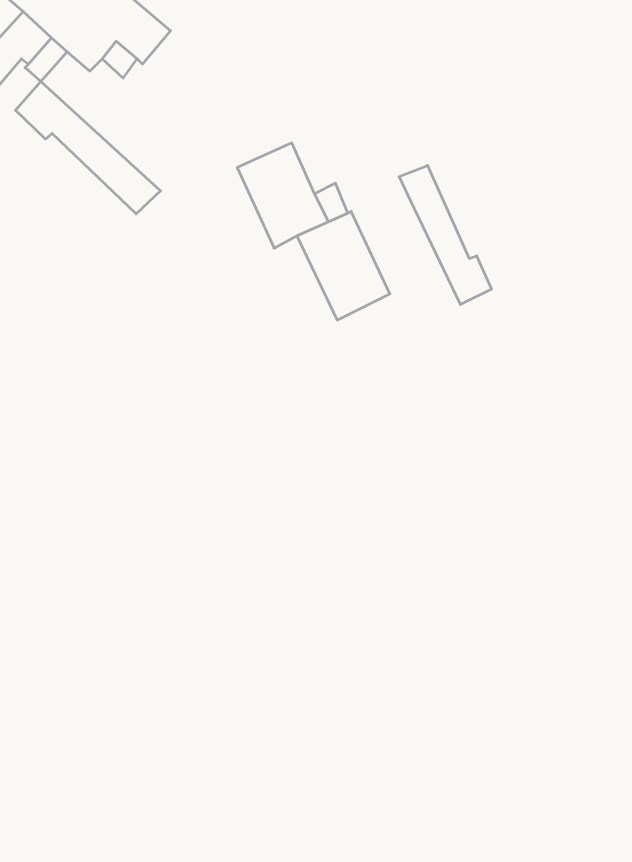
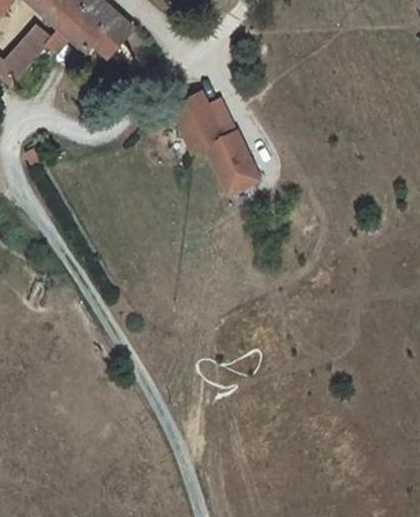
building: [15,82,161,214] -> none
building: [399,165,492,305] -> none

